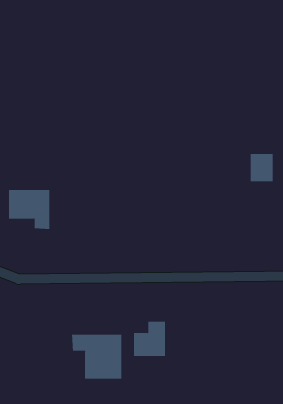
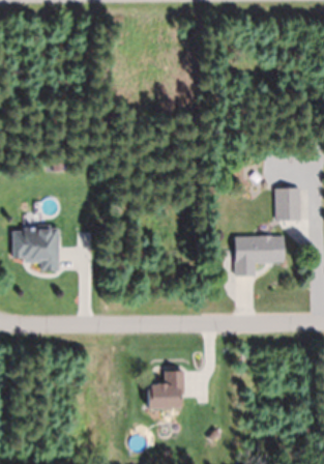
building: none -> [234,235,284,274]
building: [71,334,122,379] -> none

